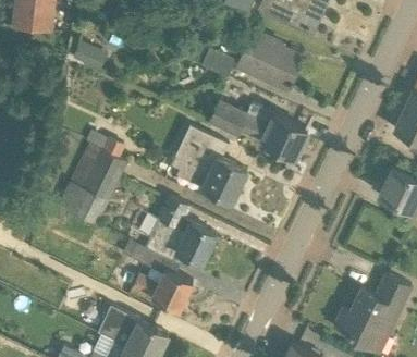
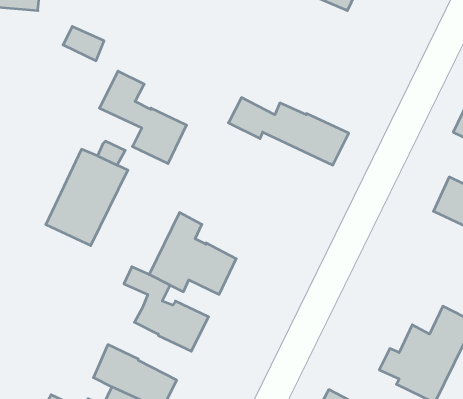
building: [236,32,301,90] -> none
building: [200,48,235,78] -> none
building: [174,126,246,202] -> [99,71,187,164]

